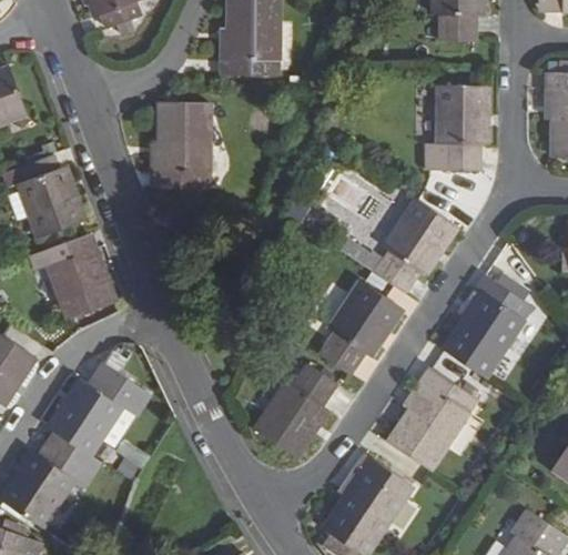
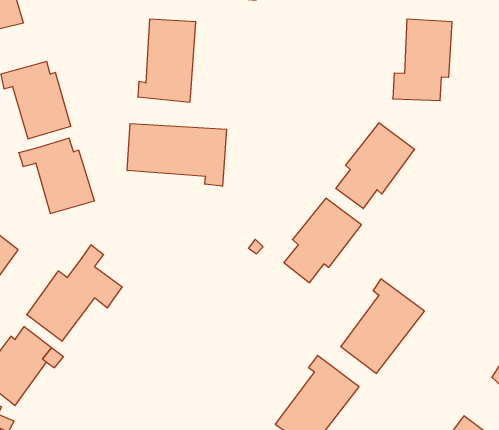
building: none -> [127,124,227,186]
building: [444,272,530,374] -> none
building: [255,364,338,457] -> none

